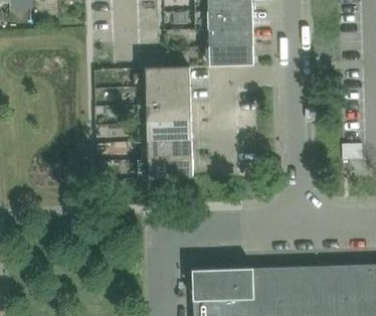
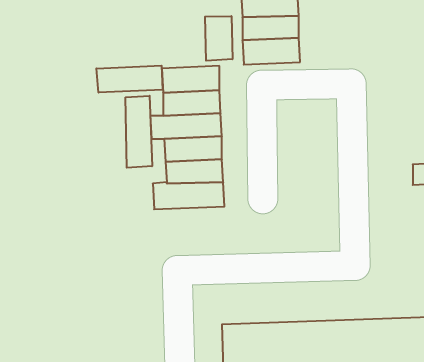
building: none -> [205,16,232,61]
building: none -> [96,66,162,93]
building: none -> [126,96,152,168]

